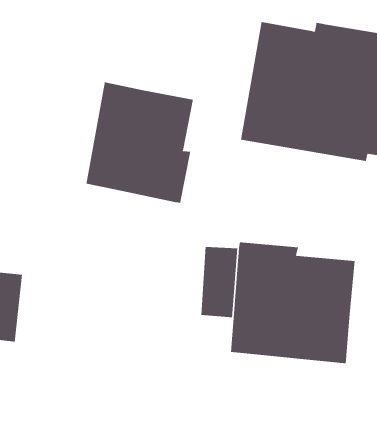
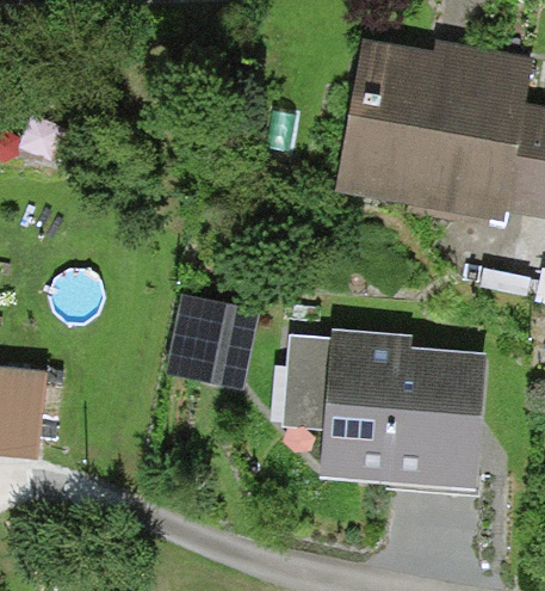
building: [86,81,193,203] -> none
building: none -> [166,295,259,389]

